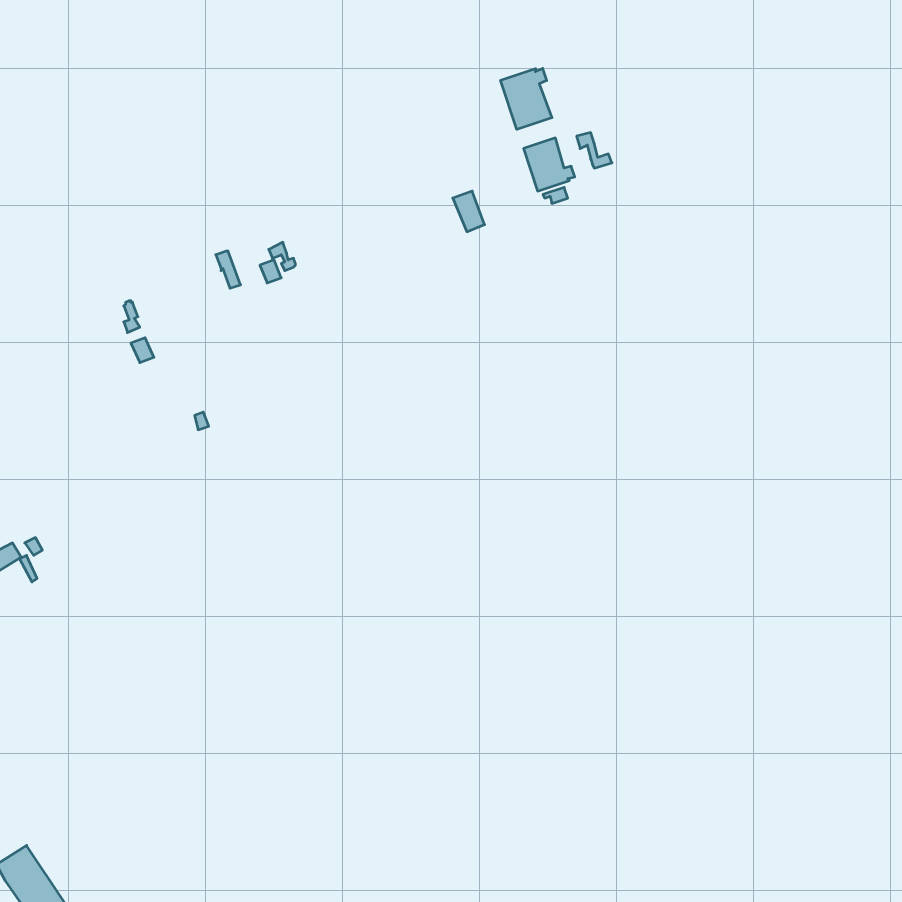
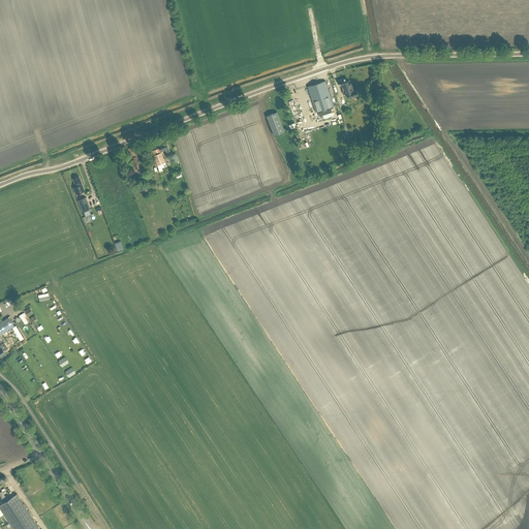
building: [501,68,552,129] -> none

